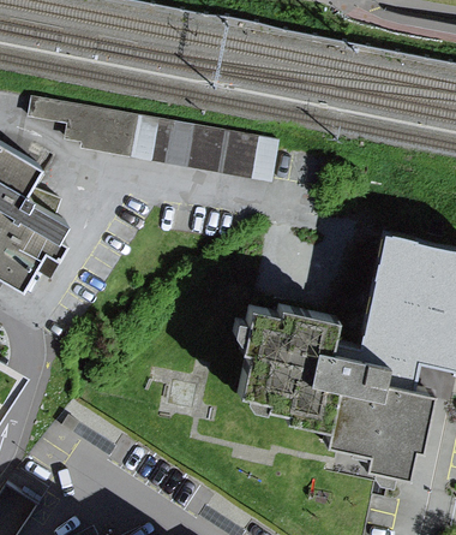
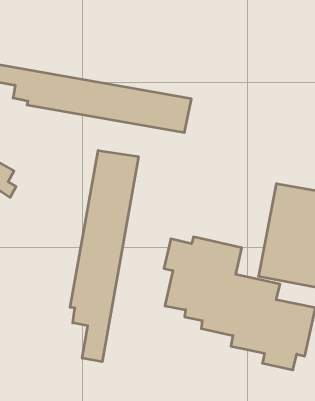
building: none -> [70,150,138,362]

